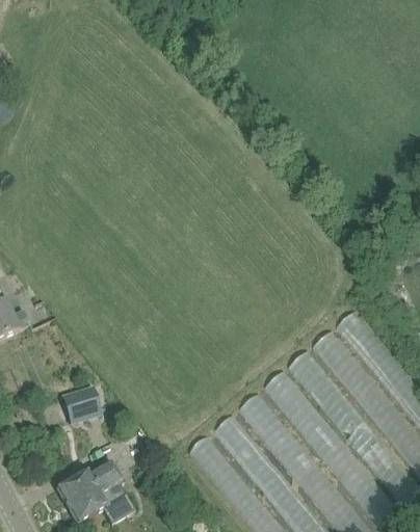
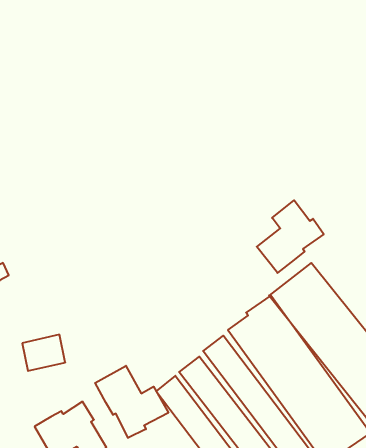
building: none -> [257,200,324,273]
building: none -> [95,366,168,438]

